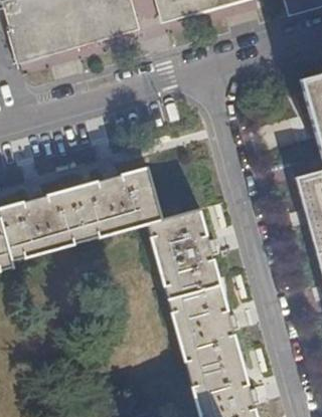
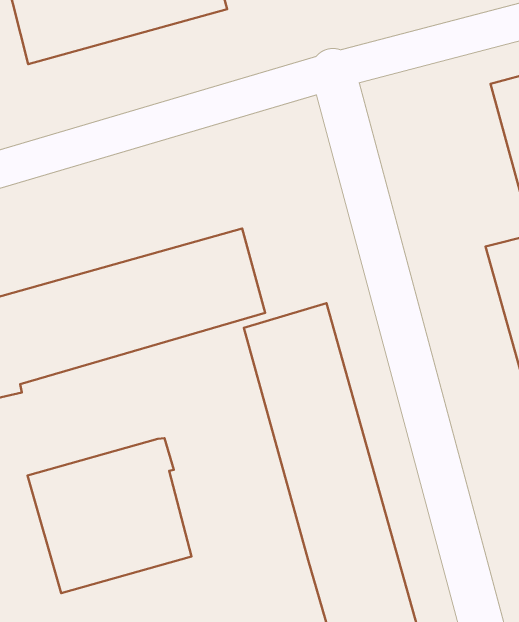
building: none -> [27,438,192,593]

